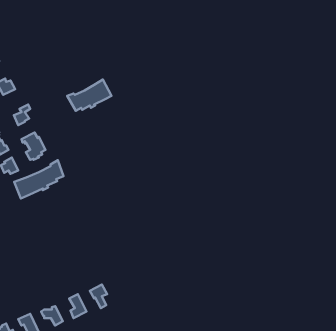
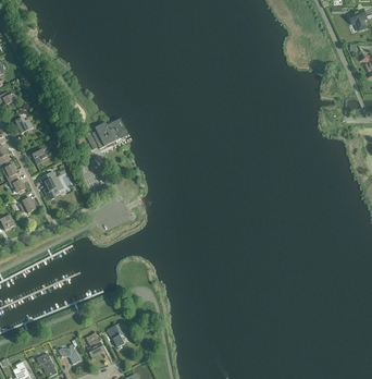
building: [14,160,64,199] -> none

